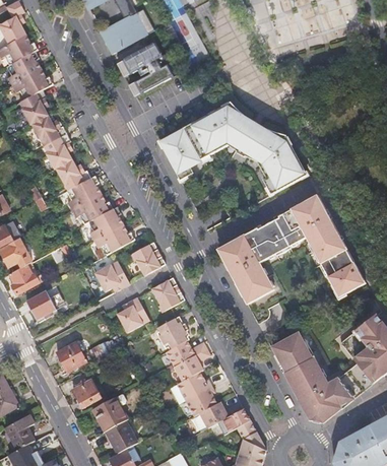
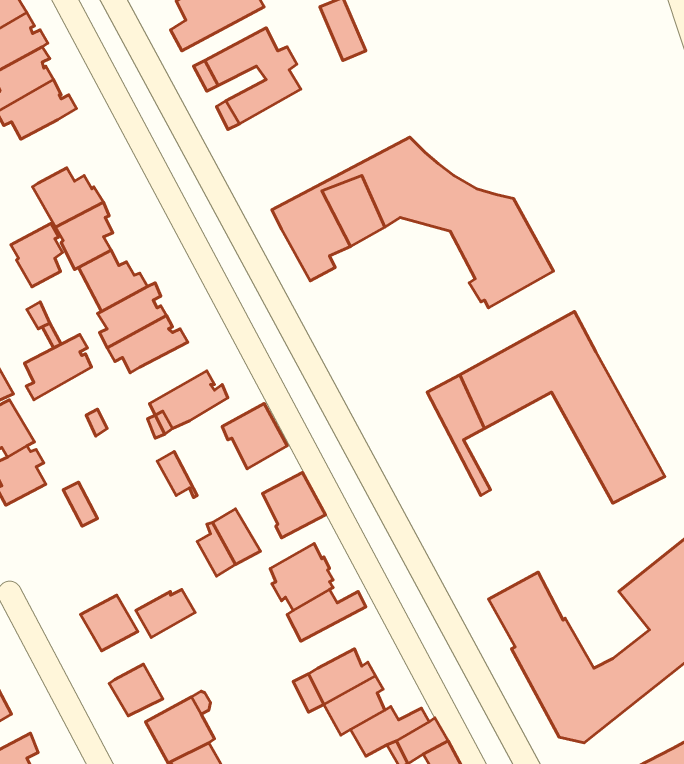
building: [22,91,50,125] -> [11,224,62,287]
building: [87,207,123,242] -> [24,335,91,400]
building: [217,236,268,302] -> none
building: [106,260,131,290] -> none
building: [25,291,57,322] -> none
building: [173,349,211,382] -> none

